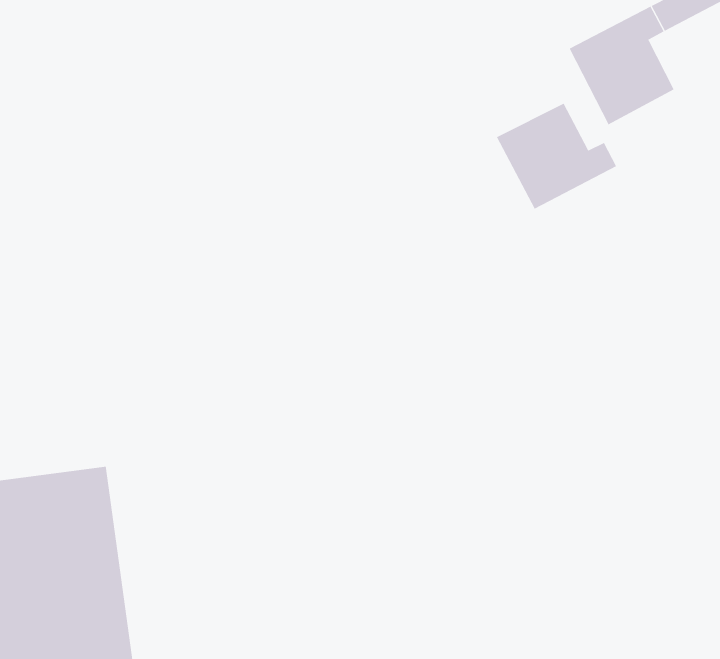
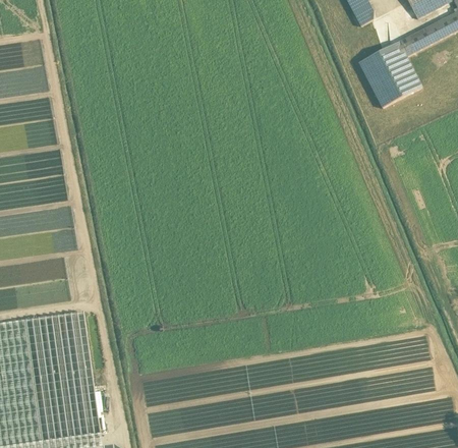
building: [496,103,617,209] -> none

